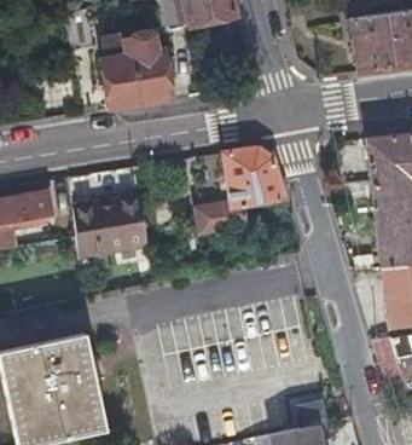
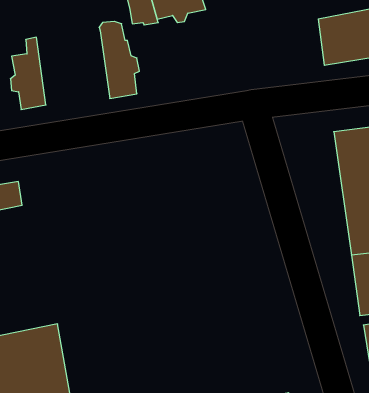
building: [104,37,140,111] -> [10,37,46,110]
building: [192,148,289,231] -> none
building: [76,193,151,255] -> none

